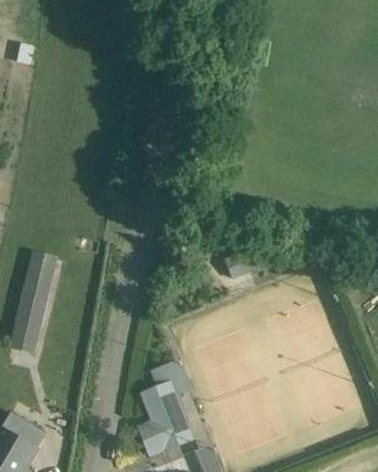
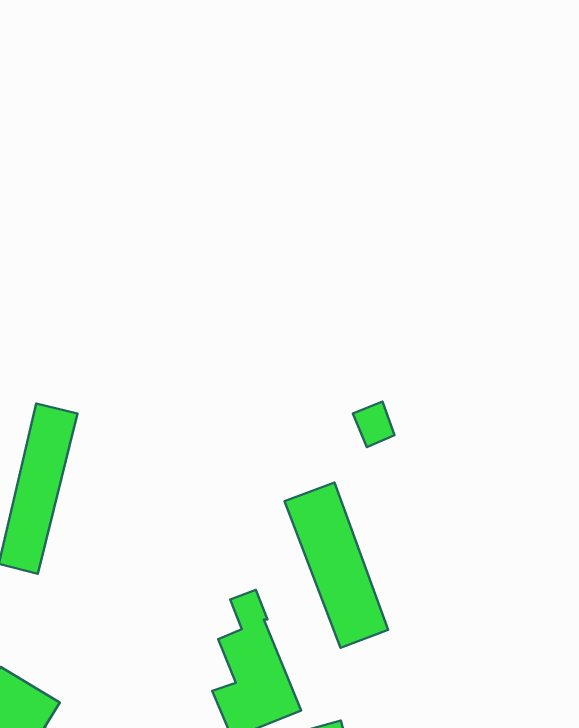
building: none -> [285,483,388,648]

